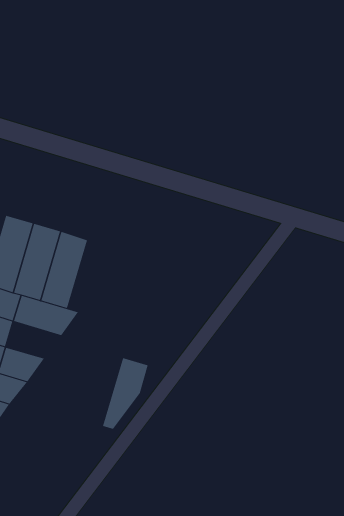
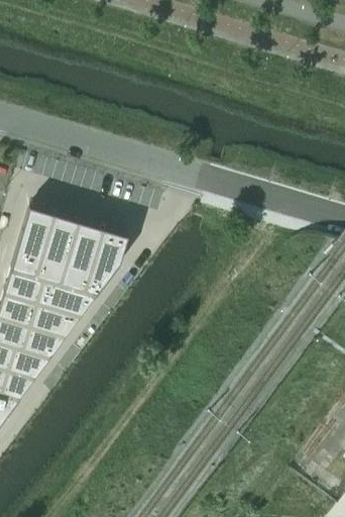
building: none -> [28,306,79,339]
building: [102,357,149,429] -> [84,233,125,298]

